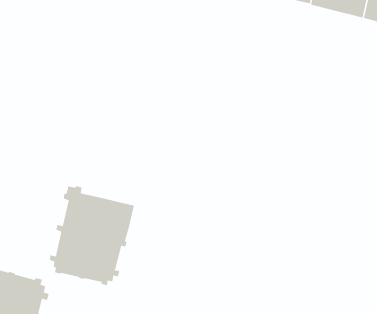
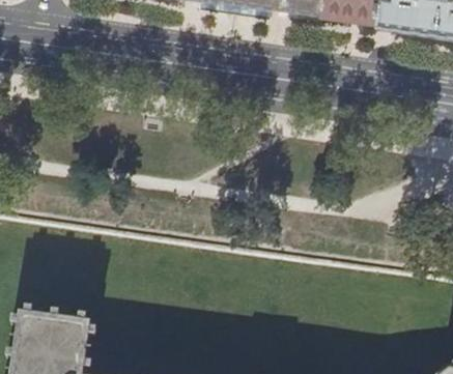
building: [49,185,134,286] -> none

